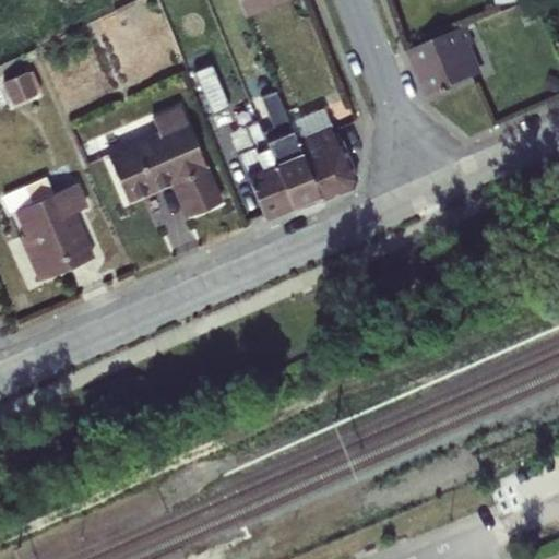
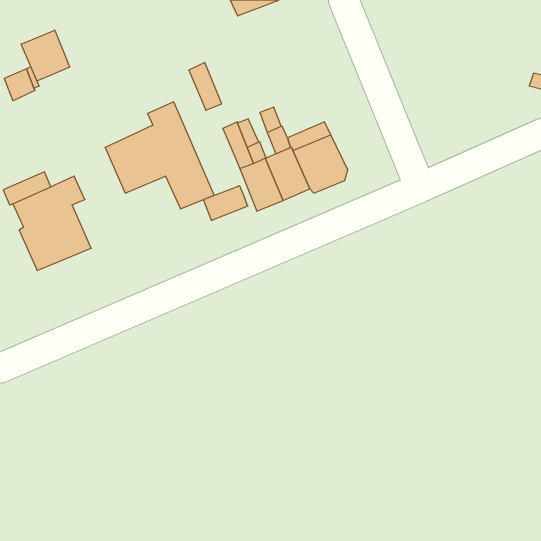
building: [407,26,484,97] -> none
building: none -> [21,30,70,81]
building: none -> [203,186,248,221]

